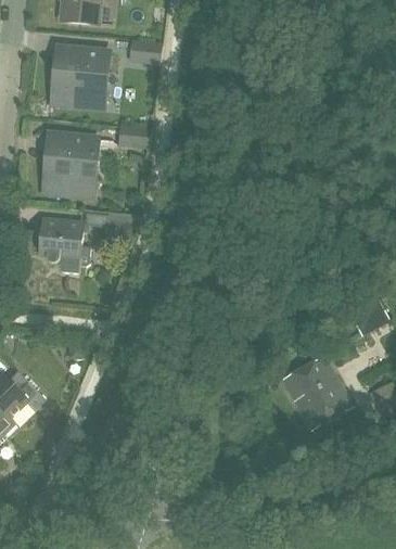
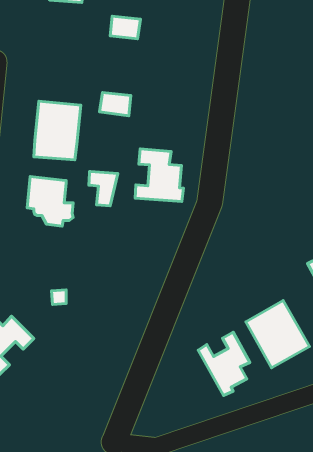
building: [52,47,107,110] -> none
building: none -> [135,149,184,201]
building: none -> [198,332,250,396]

